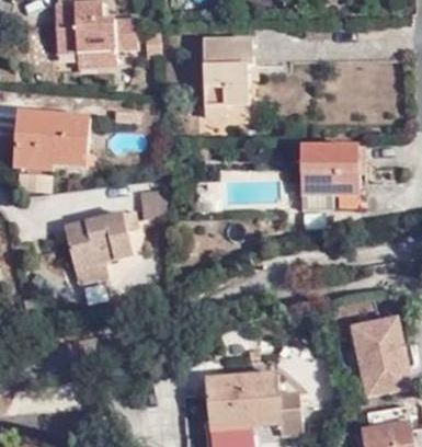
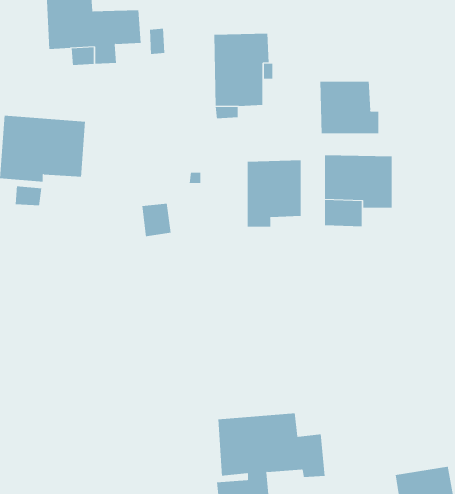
building: none -> [320,81,379,134]
building: none -> [247,160,301,227]
building: [64,207,139,282] -> none
building: [352,318,410,393] -> none

